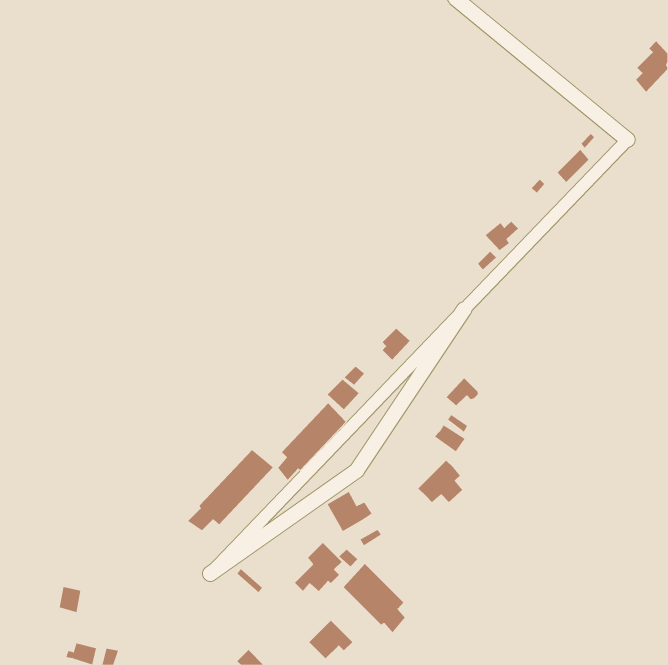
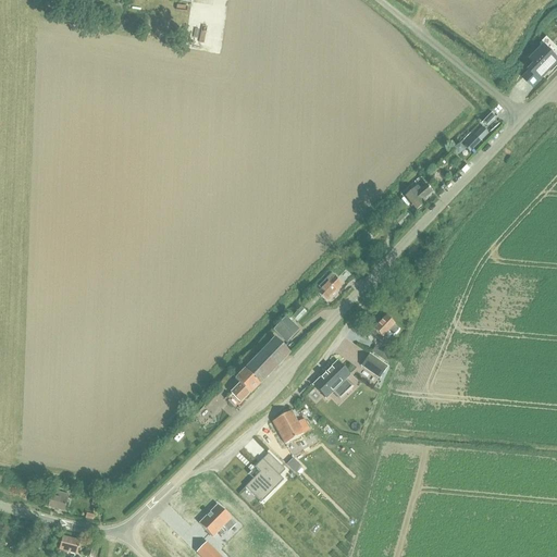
building: [187,449,274,531] -> none
building: [418,460,463,503] -> [313,360,351,396]
building: [343,563,406,633] -> none
building: [309,620,353,659] -> [199,503,236,535]

